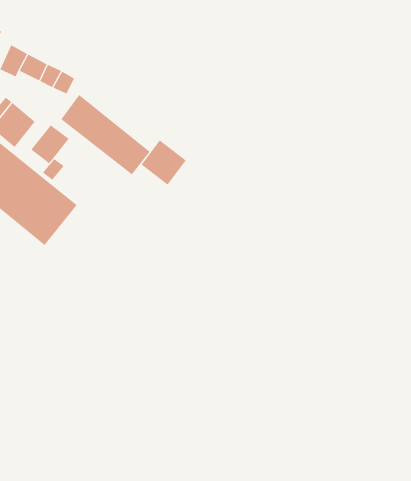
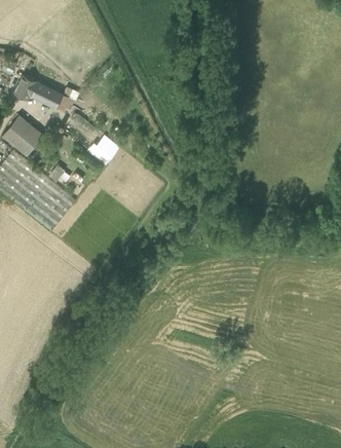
building: [30,124,70,164] -> none
building: [141,139,186,185] -> none

